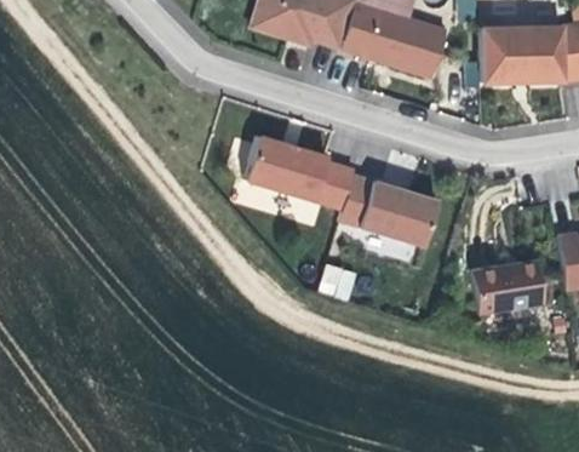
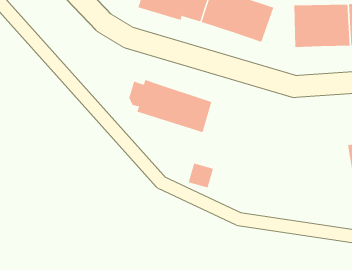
building: [361,181,442,250] -> none
building: [472,257,549,316] -> none

